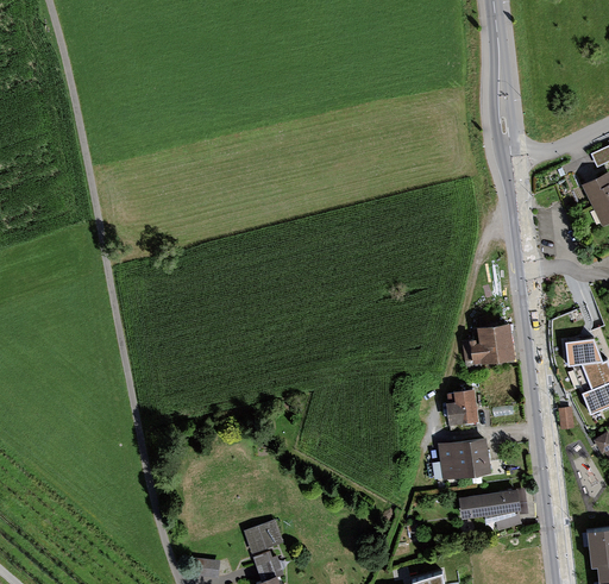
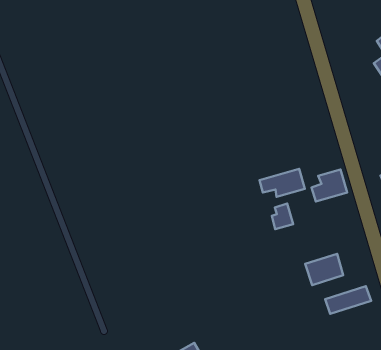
building: none -> [259,169,305,197]
building: [448,390,476,422] -> [272,204,293,229]

